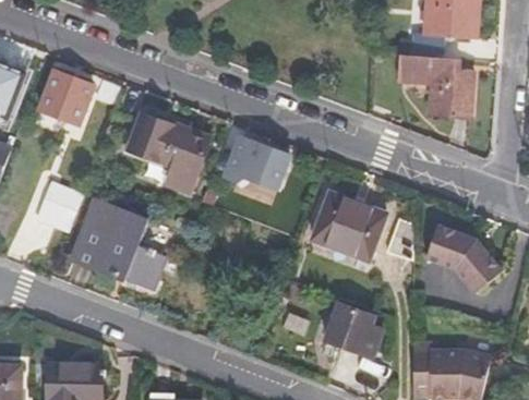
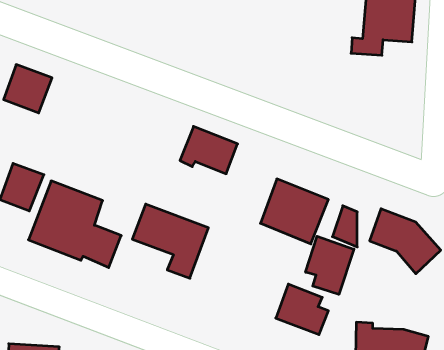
building: [398,65,473,129] -> none
building: [127,113,207,192] -> [132,204,208,278]
building: none -> [306,236,354,294]

